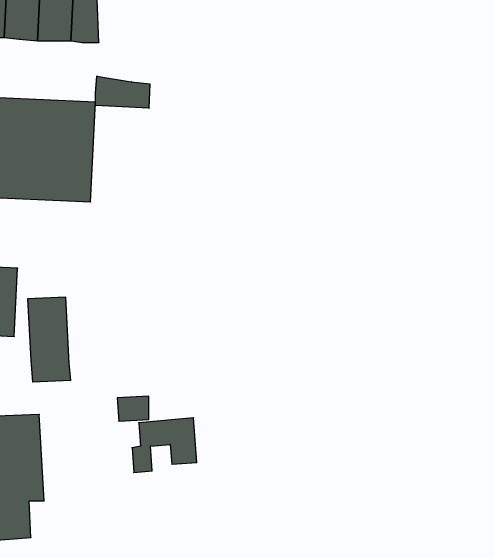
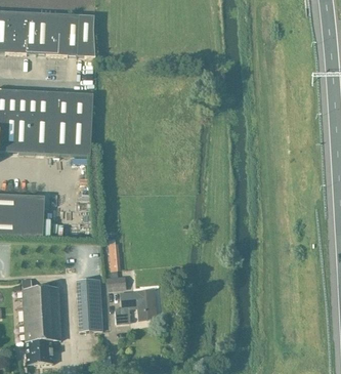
building: [95,76,150,108] -> none
building: [28,297,71,382] -> [76,277,102,329]

